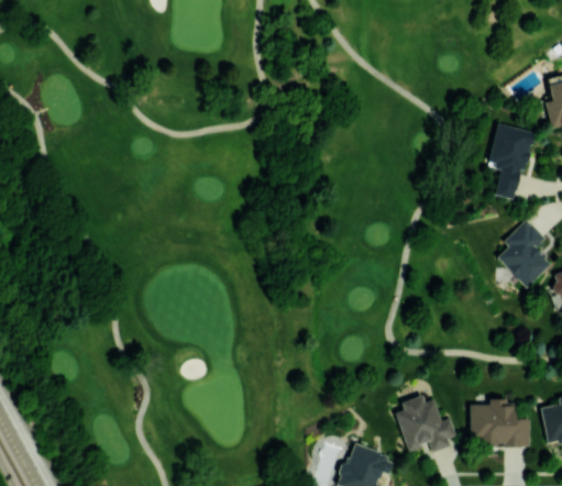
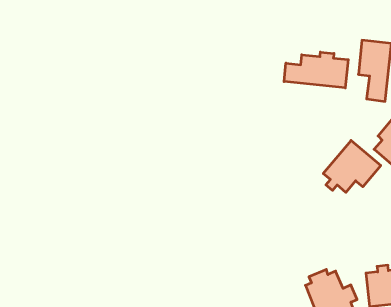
building: none -> [284,52,348,88]
building: none -> [323,140,381,192]

